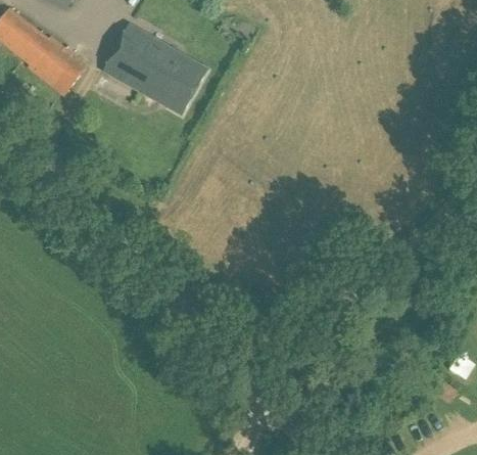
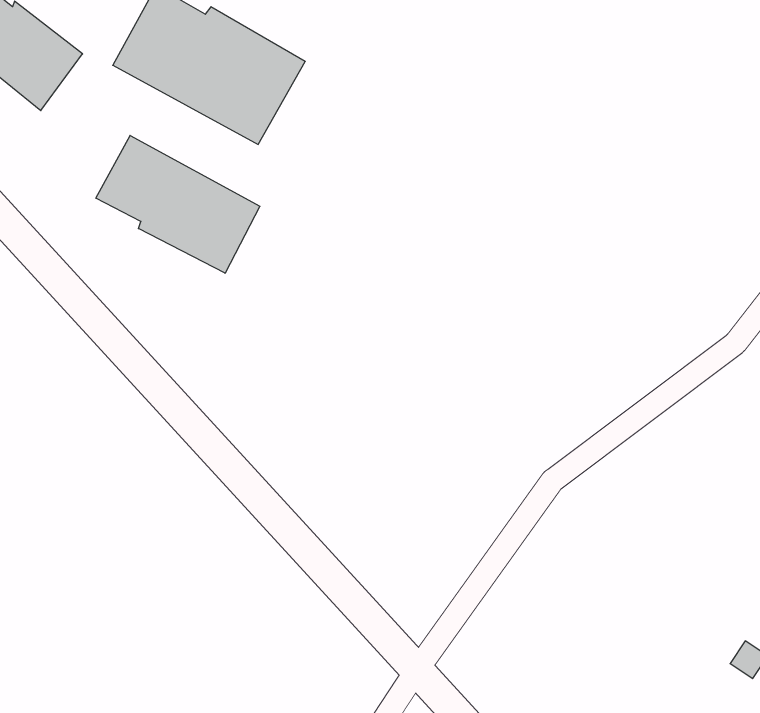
building: none -> [96,135,260,273]

